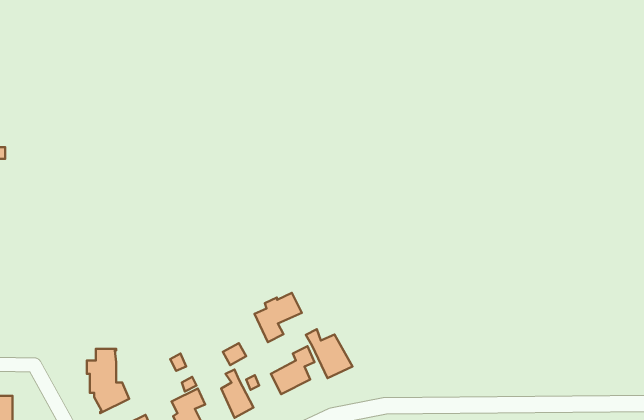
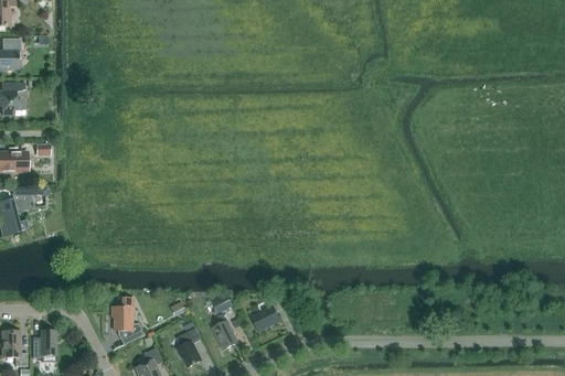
building: [255,293,302,342] -> none
building: [306,329,352,378] -> none

